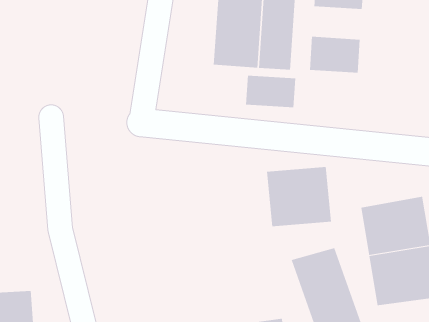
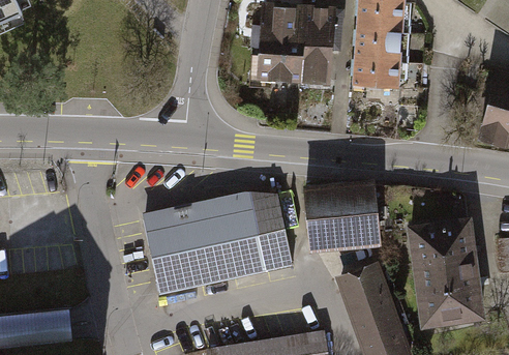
building: [245,75,296,108] -> [355,21,407,54]
building: none -> [143,189,290,289]

